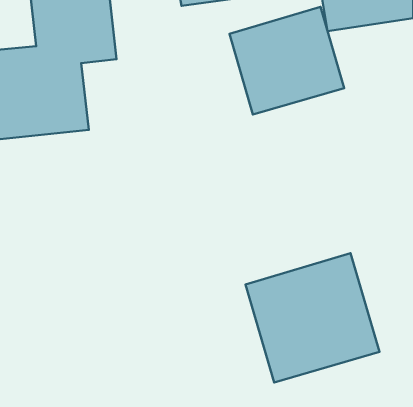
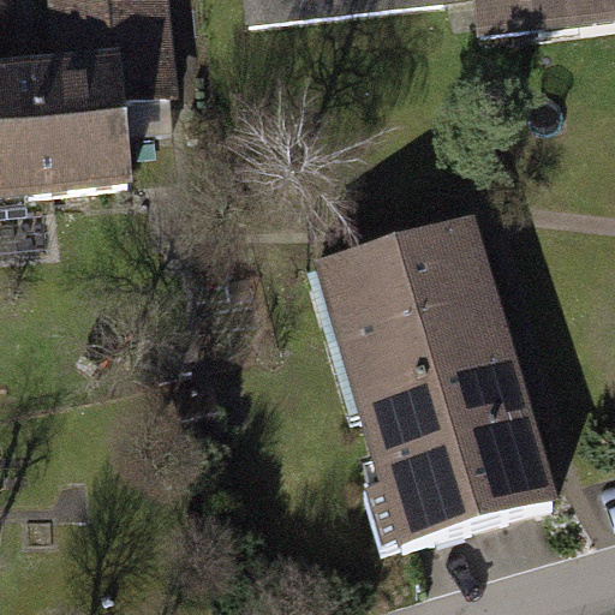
building: [230,7,344,114] -> none
building: none -> [317,227,513,416]

